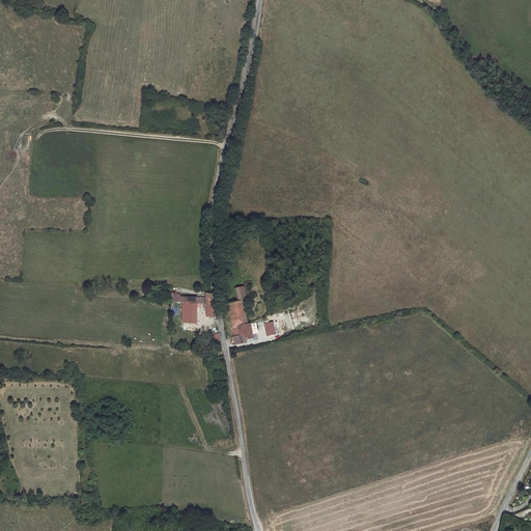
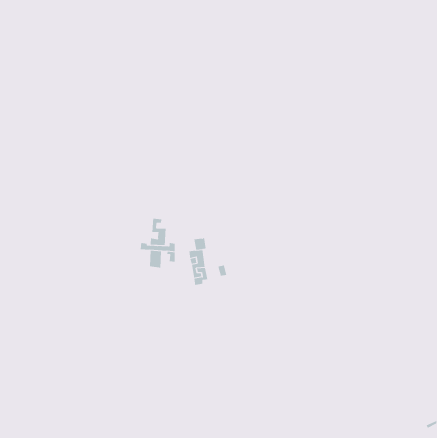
building: none -> [150,218,166,246]

